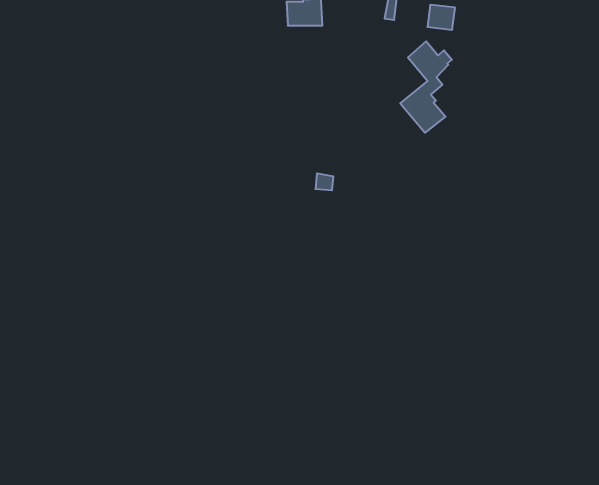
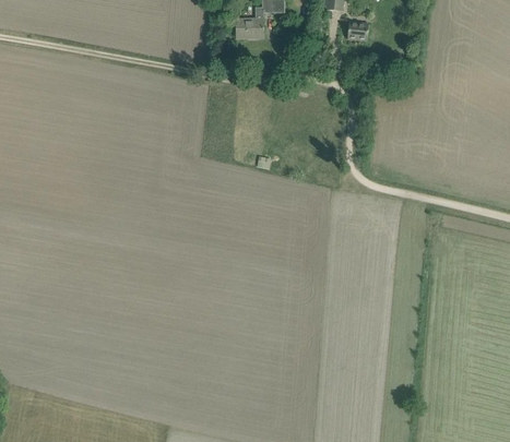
building: [400,41,452,133] -> none

